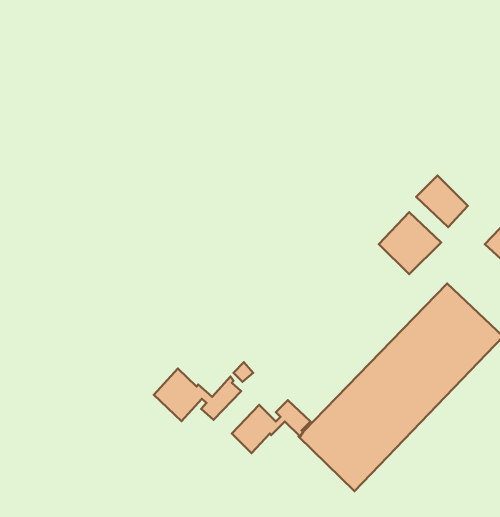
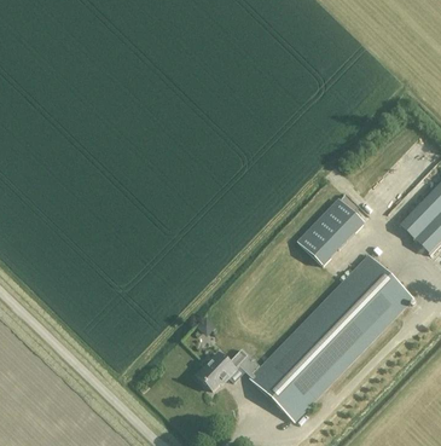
building: [416,176,468,227] -> [297,224,338,265]
building: [154,368,241,421] -> none

